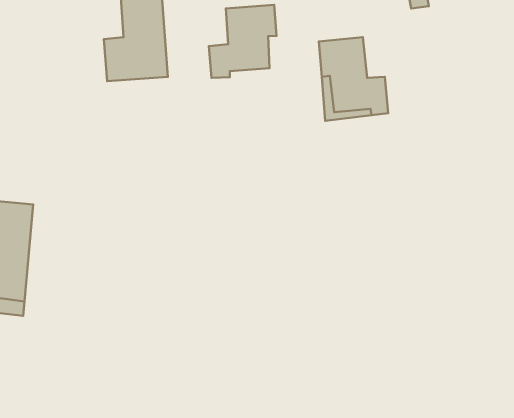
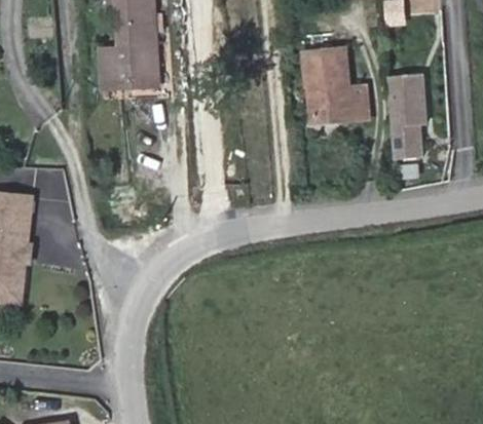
building: [209,5,277,78] -> none
building: none -> [389,73,428,158]

